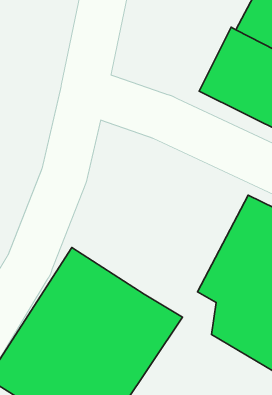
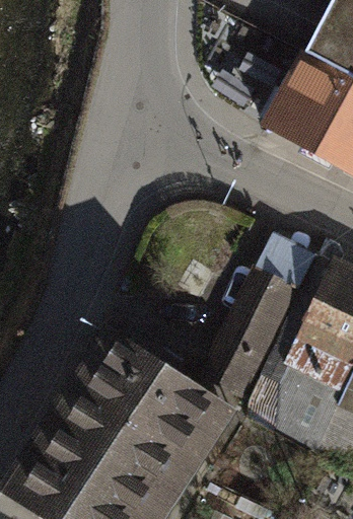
building: none -> [193,231,322,406]

